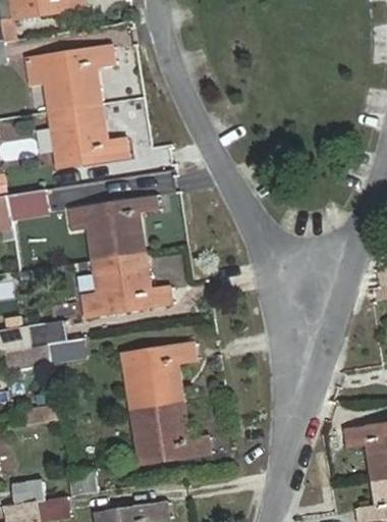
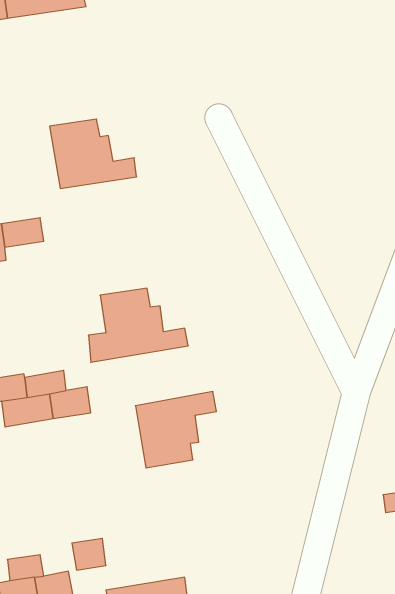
building: [43,46,113,111] -> none
building: [73,194,158,258] -> none
building: [135,401,213,462] -> none

